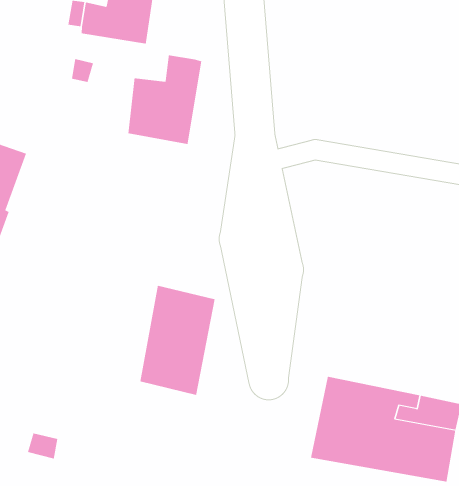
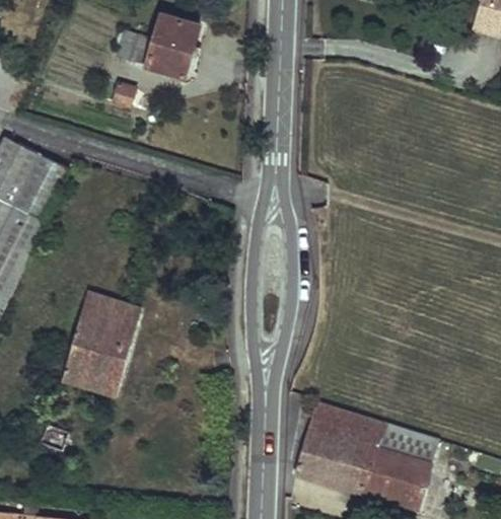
building: [128,54,202,145] -> none
building: [140,285,215,395] -> [63,292,140,396]

